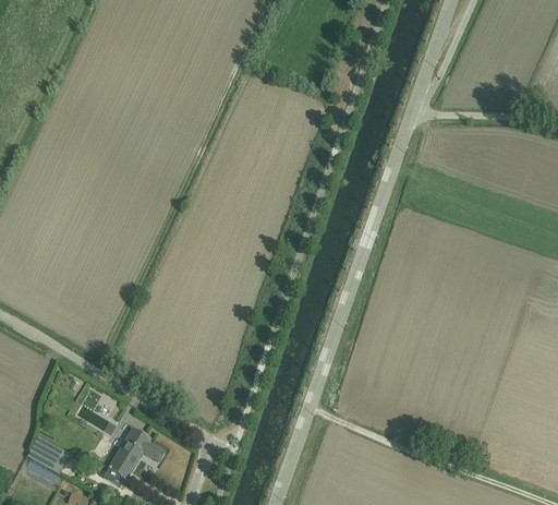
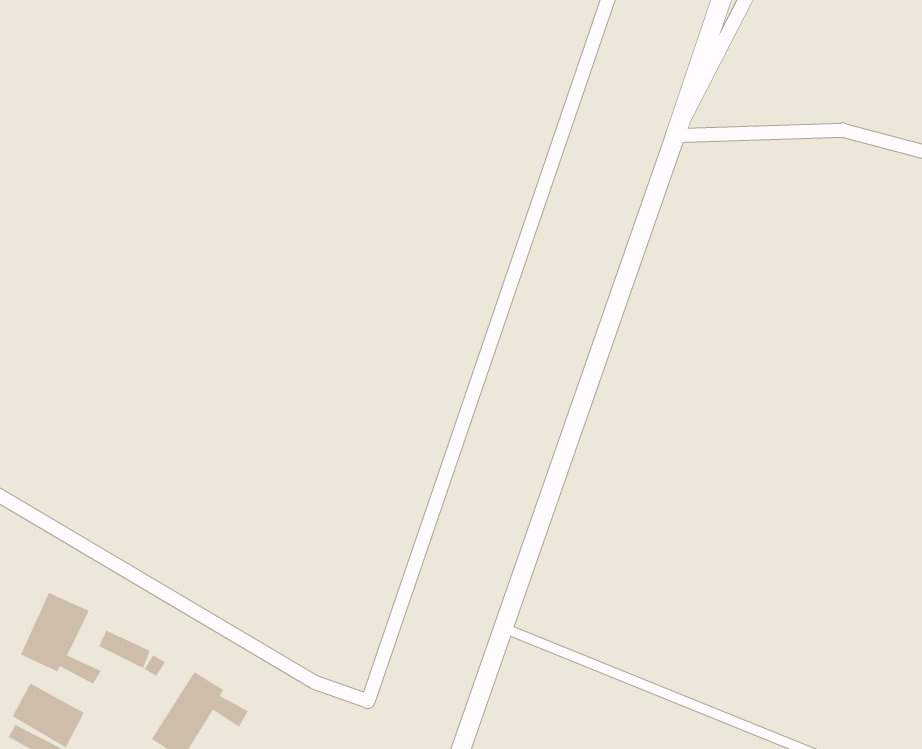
building: none -> [20,592,102,685]

